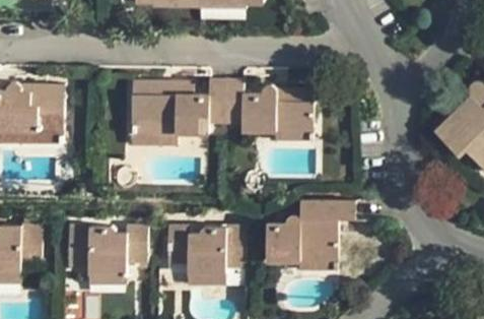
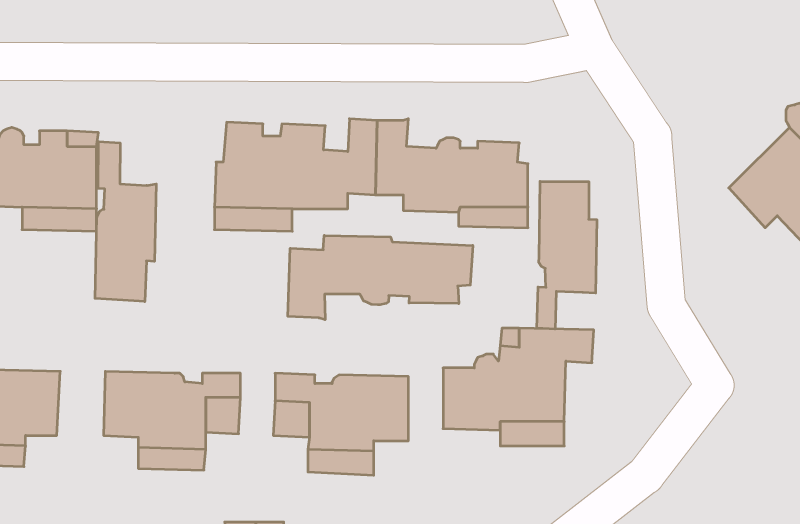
building: none -> [95,142,156,302]
building: none -> [537,181,597,329]
building: none -> [288,235,473,320]

